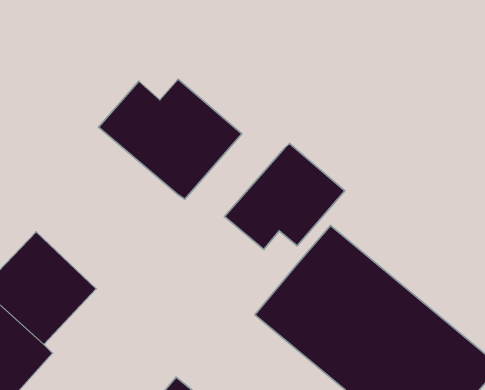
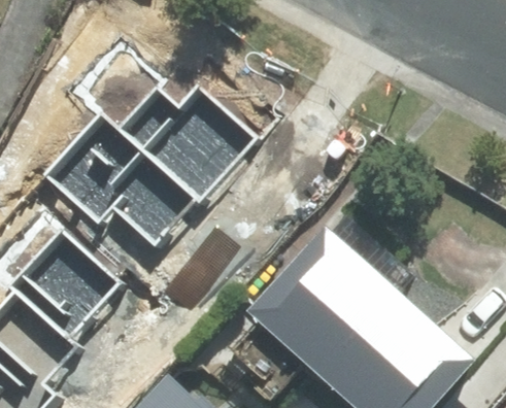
building: none -> [30,116,179,247]
building: [225,143,345,249] -> none

